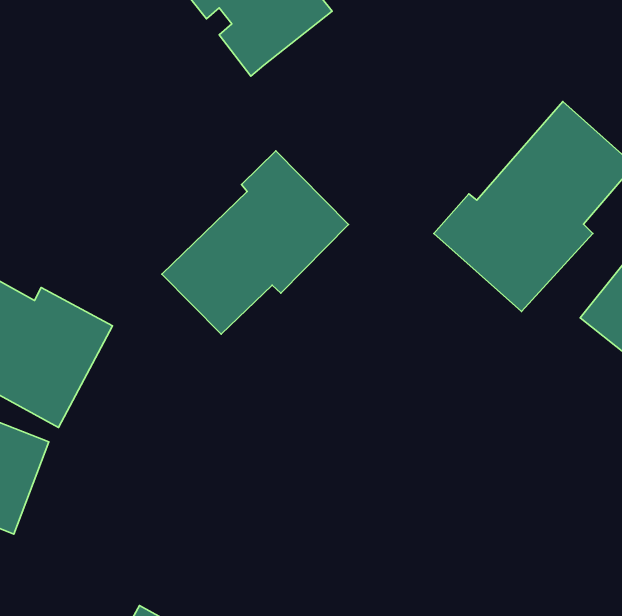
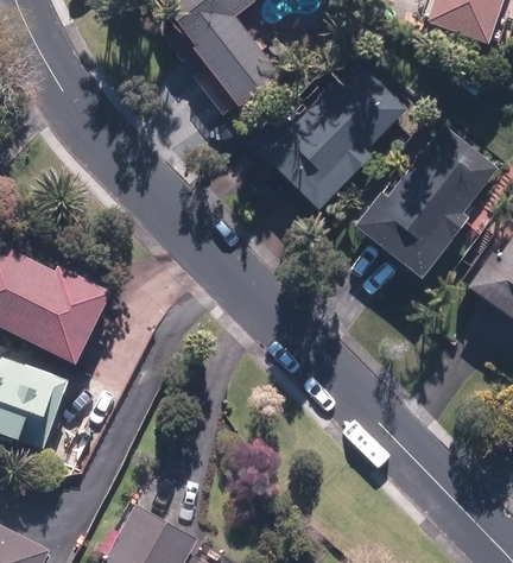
building: none -> [246,55,412,209]
building: [162,151,348,334] -> none

